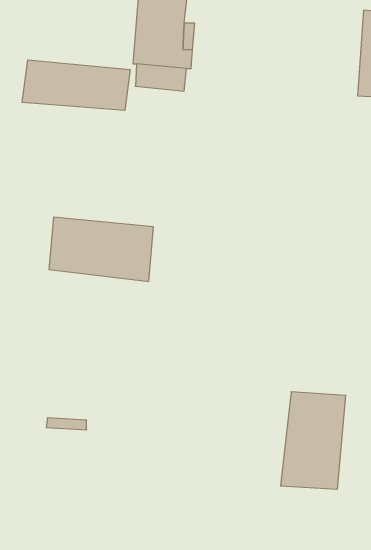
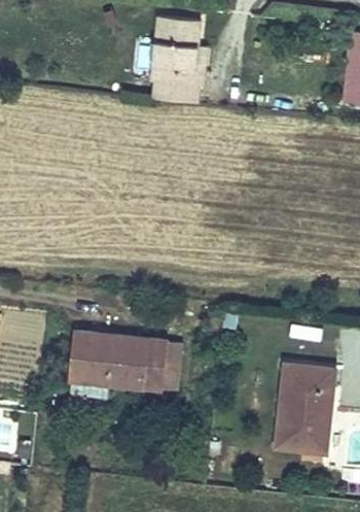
building: [22,60,130,110] -> none
building: [49,217,153,281] -> [77,336,168,391]

